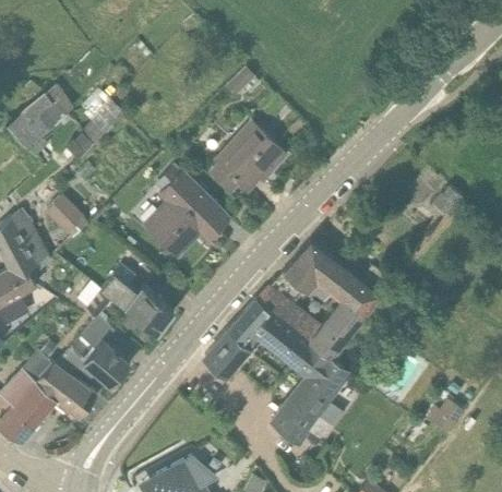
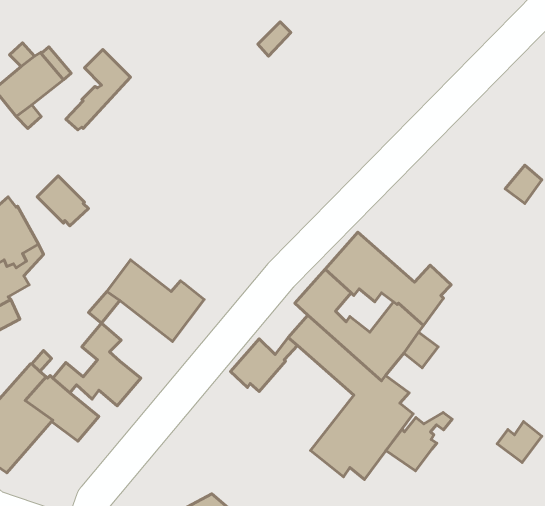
building: [210,121,286,191] -> none
building: [144,166,228,255] -> none
building: [228,299,268,343] -> none
building: none -> [386,413,452,471]

